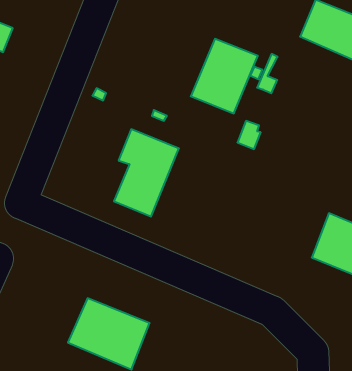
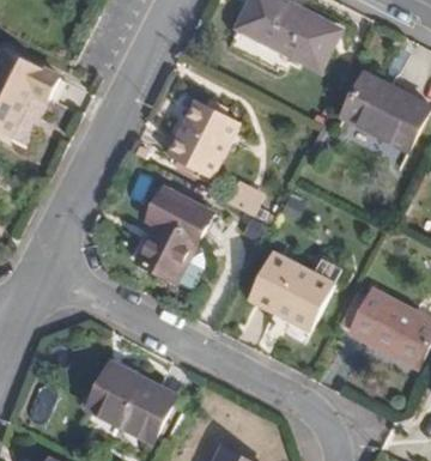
building: [191,39,258,113] -> [169,96,242,175]
building: none -> [250,257,330,330]

